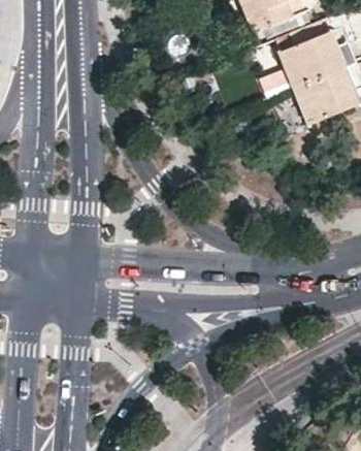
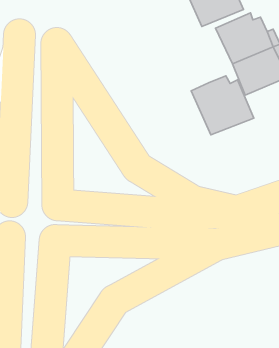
building: none -> [191,76,254,135]

